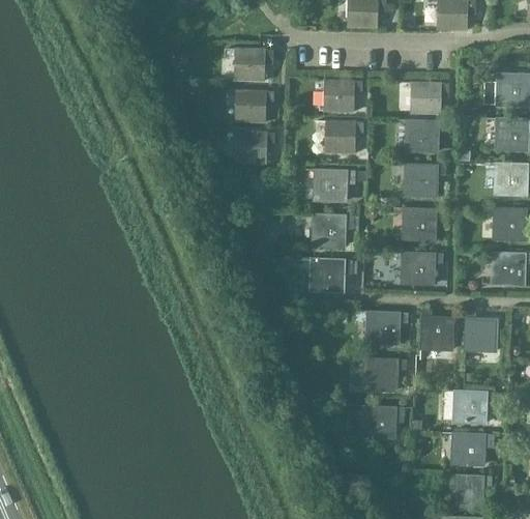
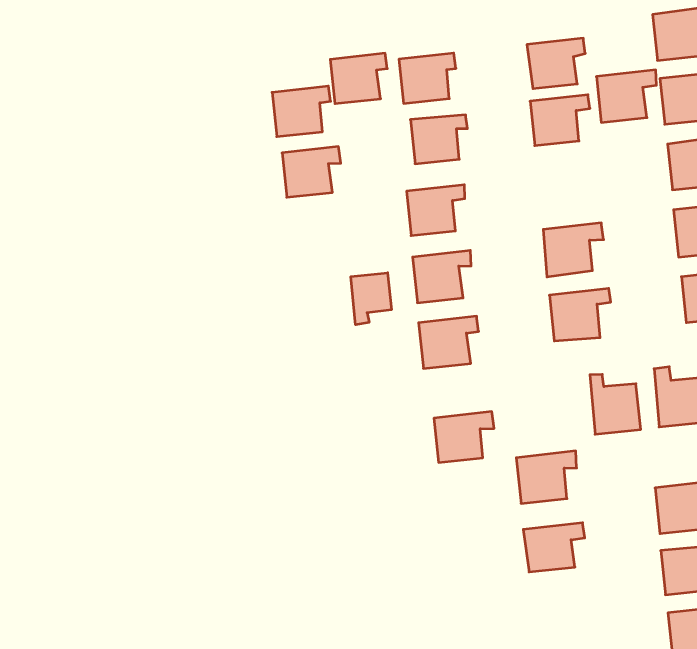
building: [235,50,273,81] -> [330,53,387,104]
building: [405,165,446,197] -> [596,70,656,122]
building: none -> [351,273,391,325]
building: [366,313,407,344] -> [434,412,494,462]

